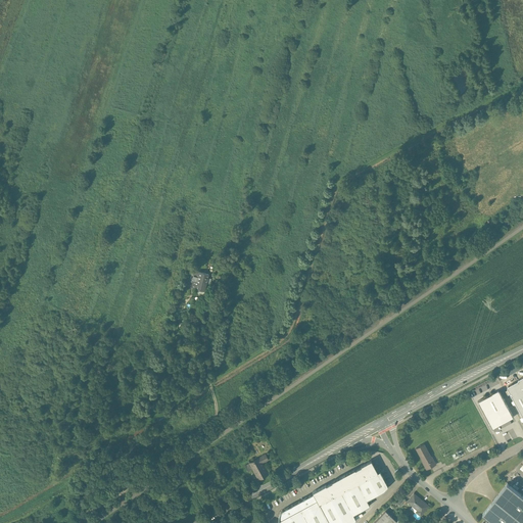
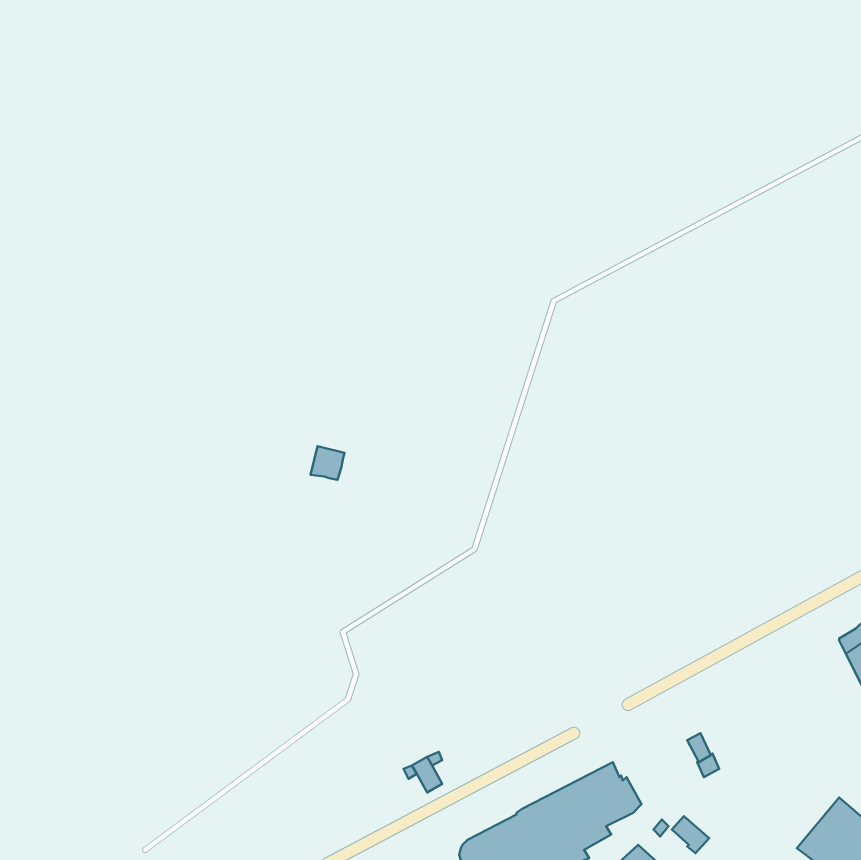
building: [478,391,515,430] -> none

